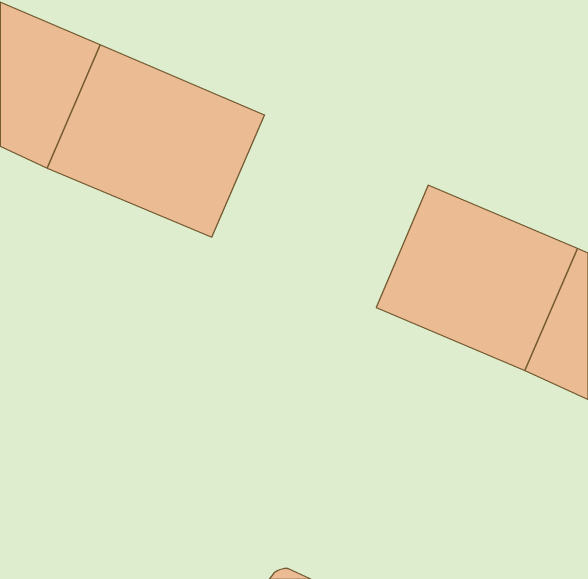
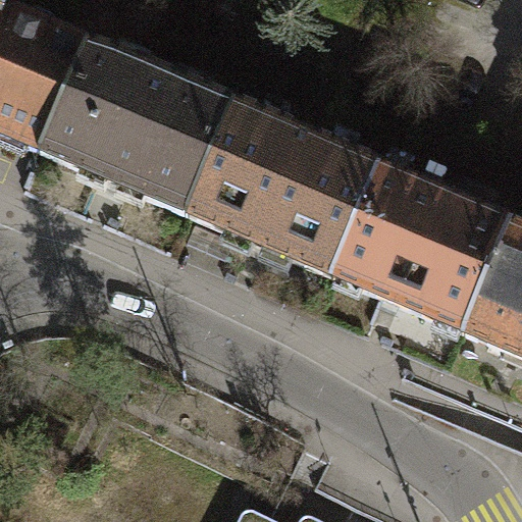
building: none -> [188,102,379,272]

